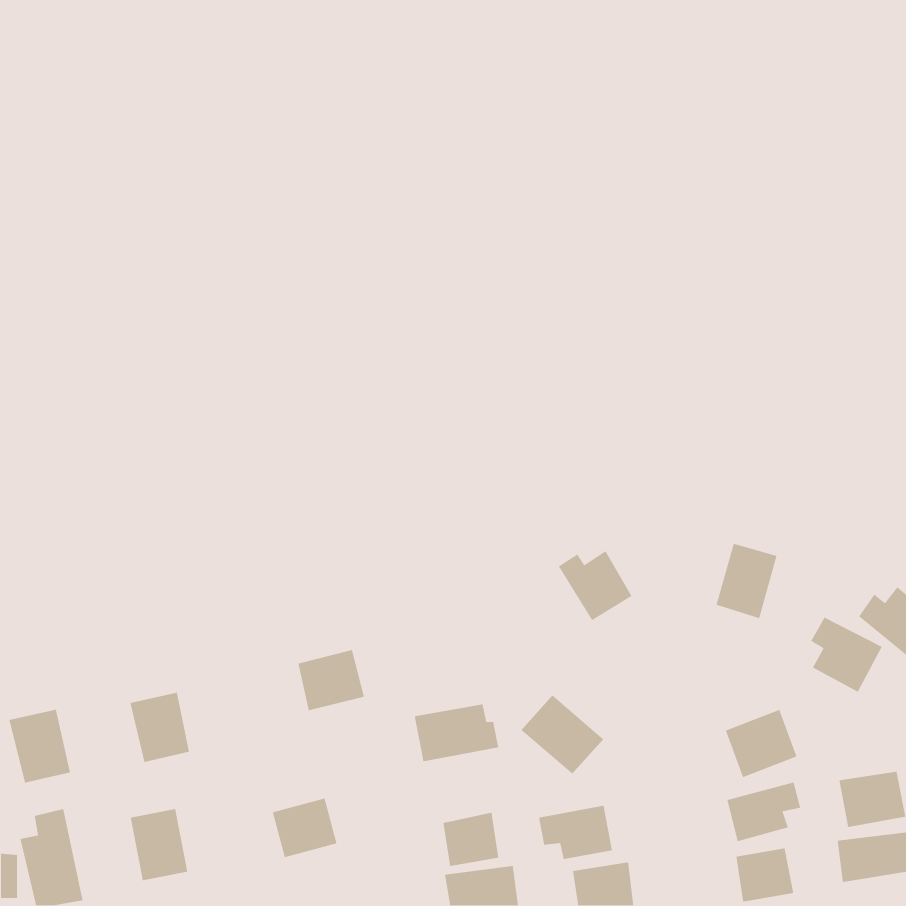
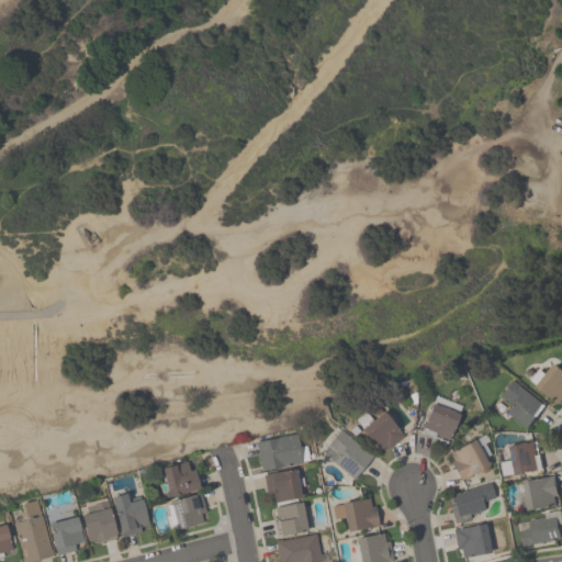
building: [715,543,778,619] -> [424,396,462,443]
building: [558,550,633,621] -> [358,409,404,453]
building: [297,649,365,711] -> [159,460,201,498]
building: [129,692,190,763] -> [113,493,150,537]
building: [9,709,71,783] -> [47,508,86,554]
building: none -> [506,440,543,475]
building: none -> [266,469,303,503]

